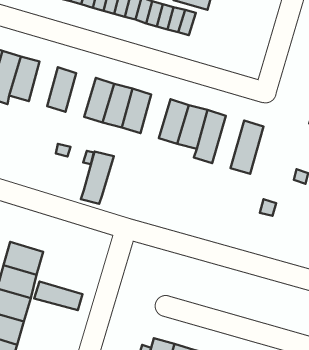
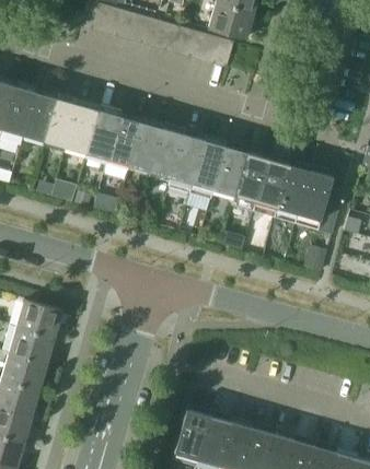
building: none -> [45,97,78,148]
building: none -> [86,110,120,160]
building: none -> [252,159,288,218]
building: none -> [294,171,343,234]
building: [81,151,114,204] -> [167,134,205,194]
building: [34,282,83,310] -> none

